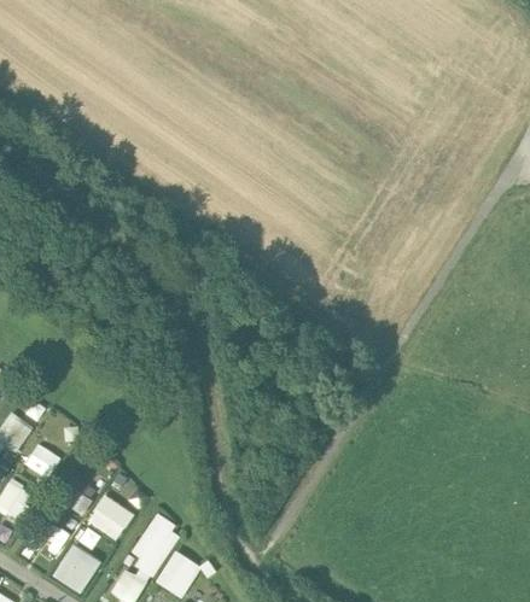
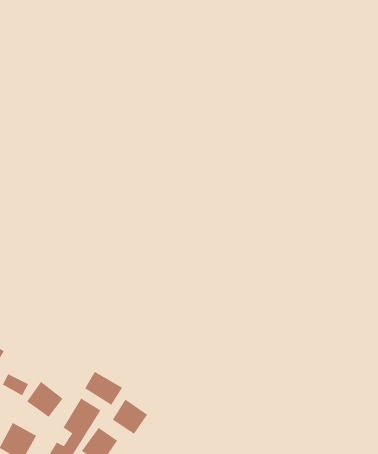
building: none -> [84,371,123,406]
building: none -> [112,398,148,435]

